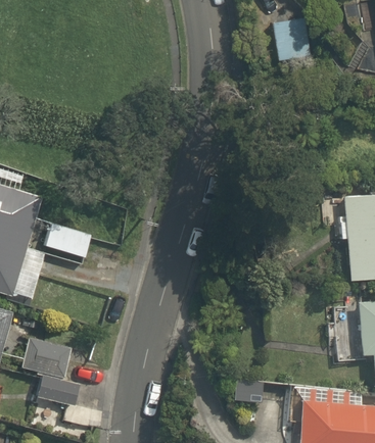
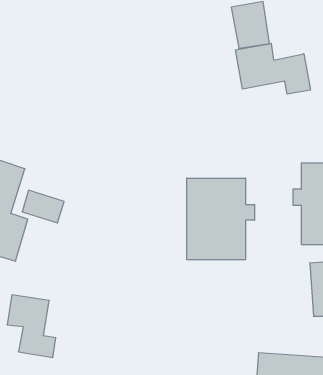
building: none -> [236,43,311,94]
building: none -> [187,178,255,260]

